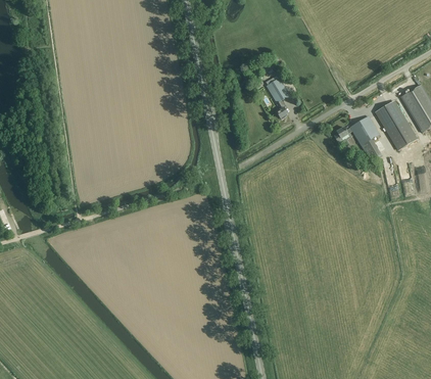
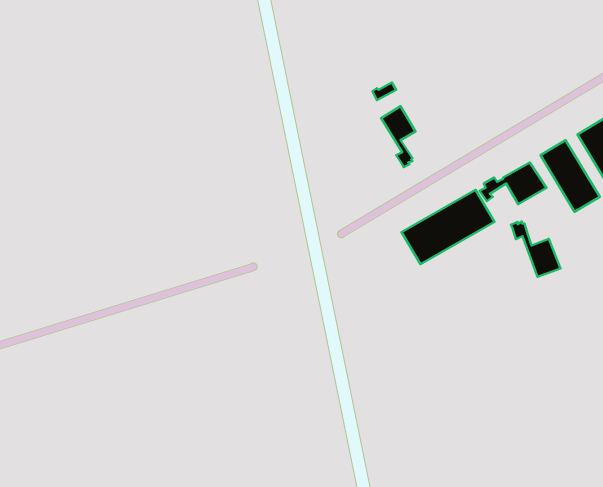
building: none -> [402,190,495,264]
building: none -> [511,221,560,277]

